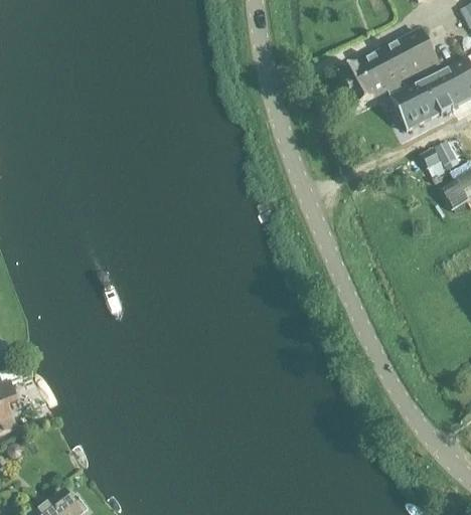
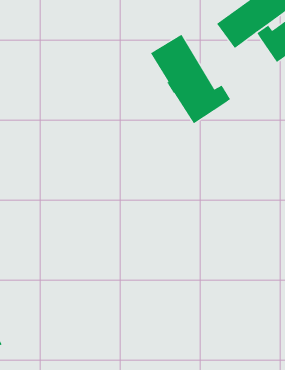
building: none -> [150,34,231,124]

